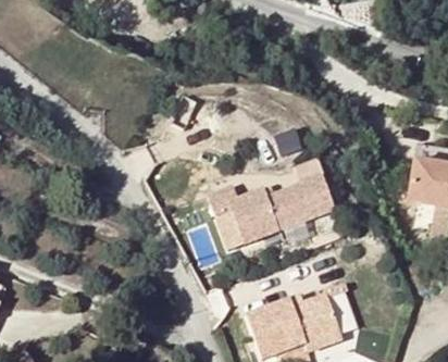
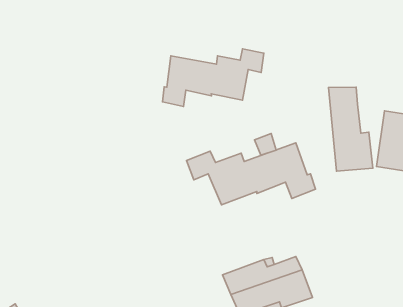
building: none -> [162,49,264,106]
building: none -> [328,87,373,171]

